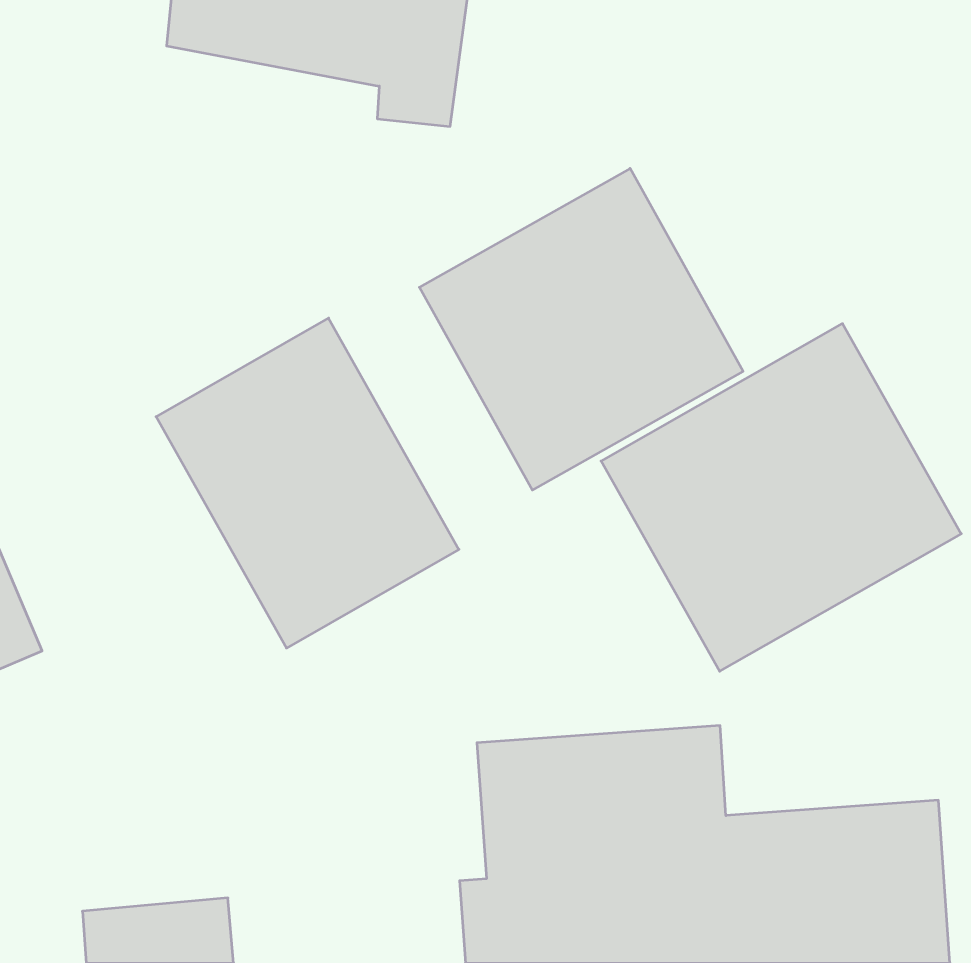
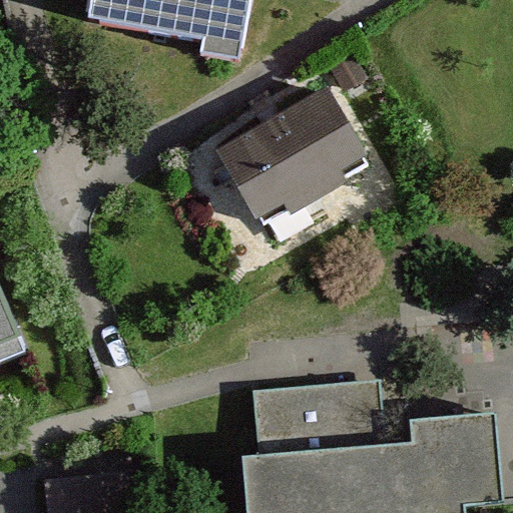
building: [156,318,459,648] -> none
building: [601,324,961,671] -> none

